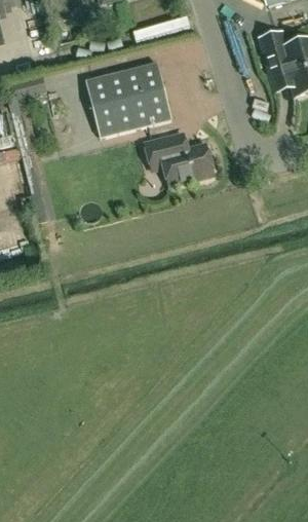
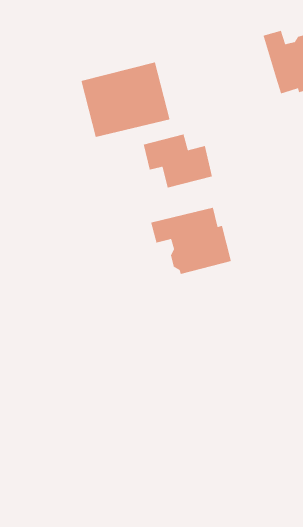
building: none -> [150,207,232,275]

